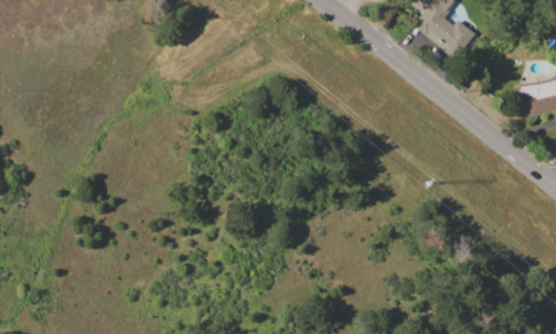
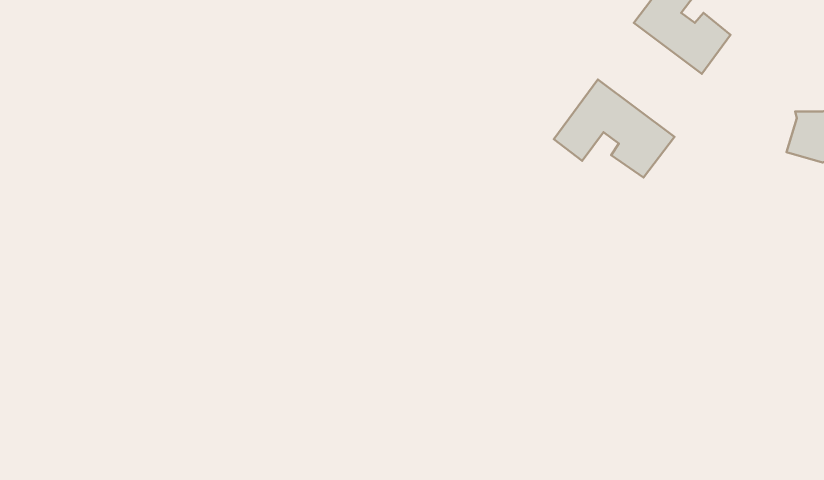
building: none -> [554,80,674,178]

